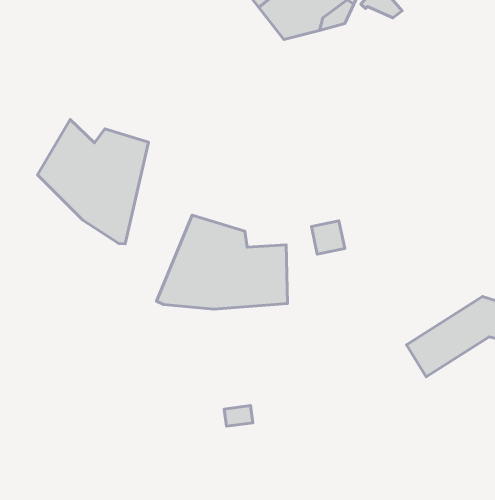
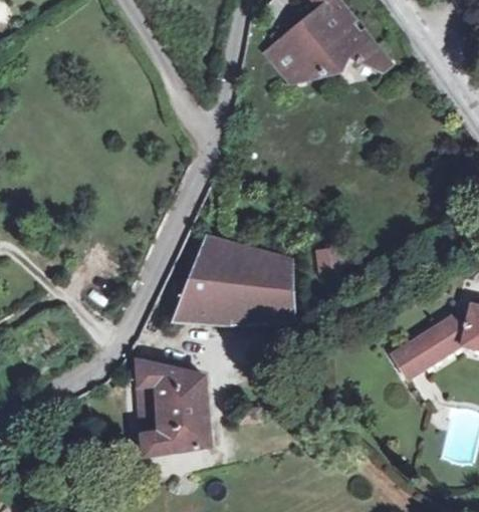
building: [38,120,148,244] -> none
building: none -> [134,359,208,453]

